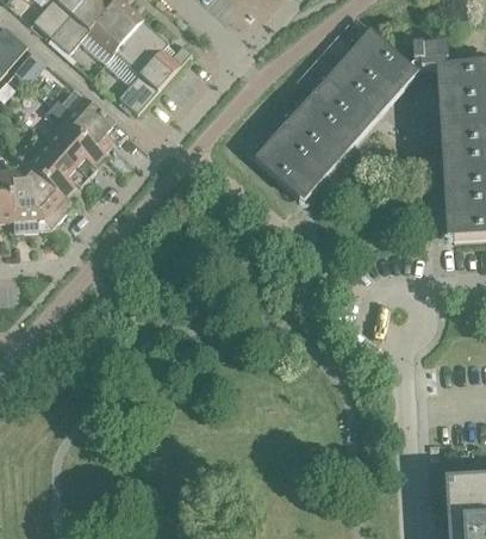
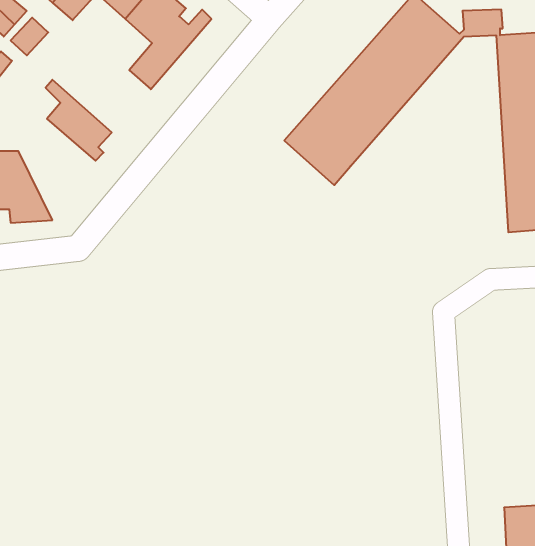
building: [49,97,125,153] -> none
building: [19,141,87,230] -> none

